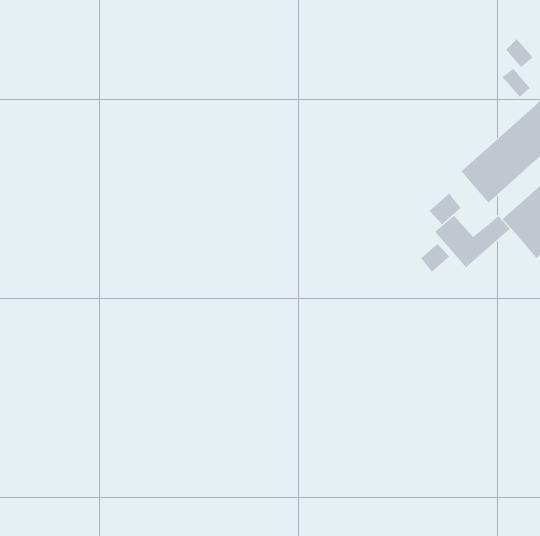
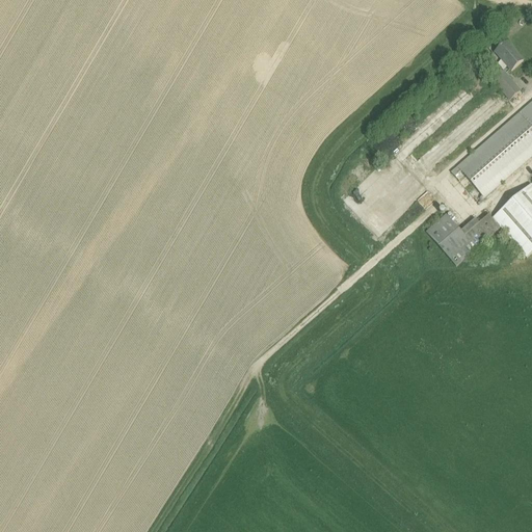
building: [429,193,461,225] -> none
building: [420,243,450,273] -> none

